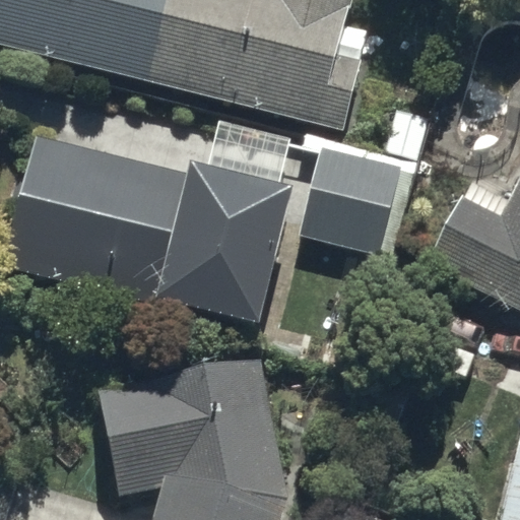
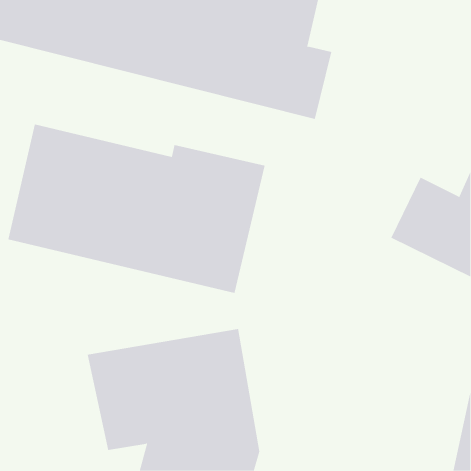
building: [299,145,409,258] -> none

